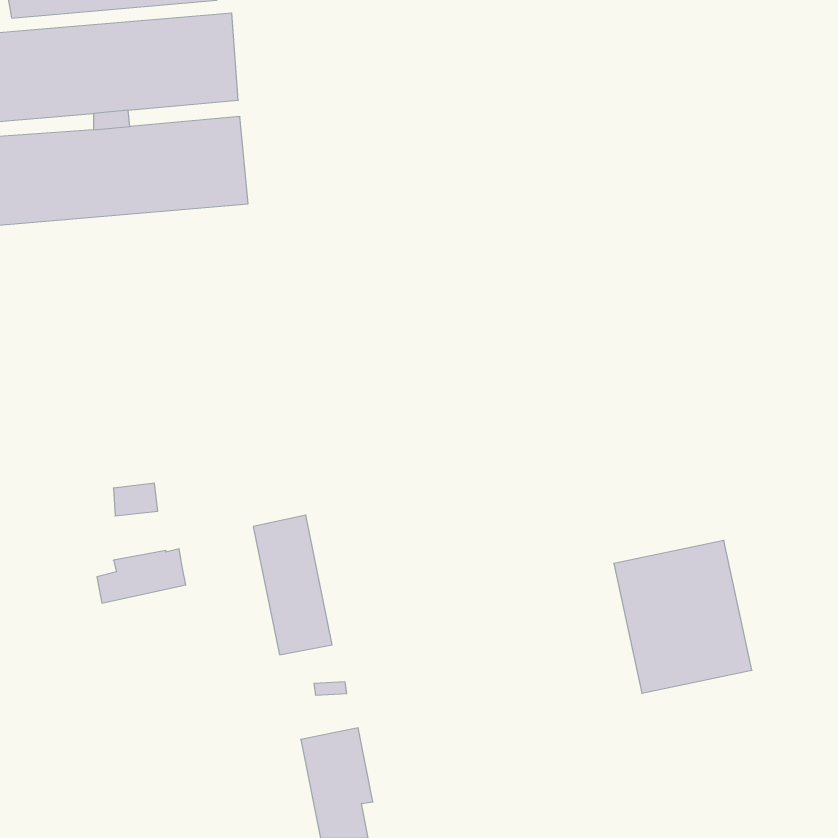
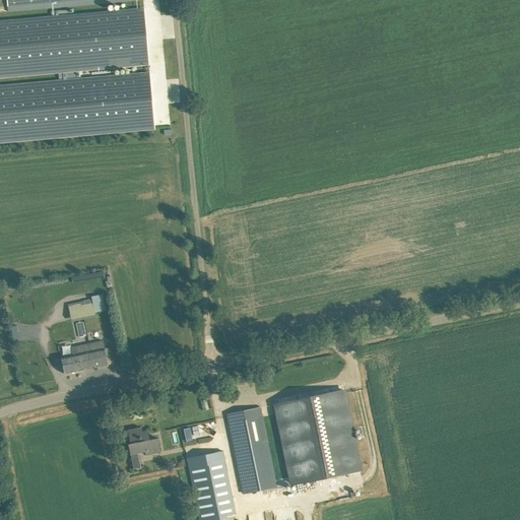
building: [253,515,332,655] -> [226,406,275,493]
building: [614,540,752,693] -> [274,389,360,483]
building: none -> [127,427,159,454]

